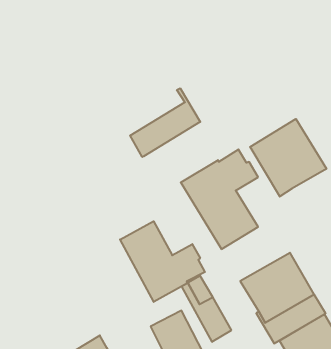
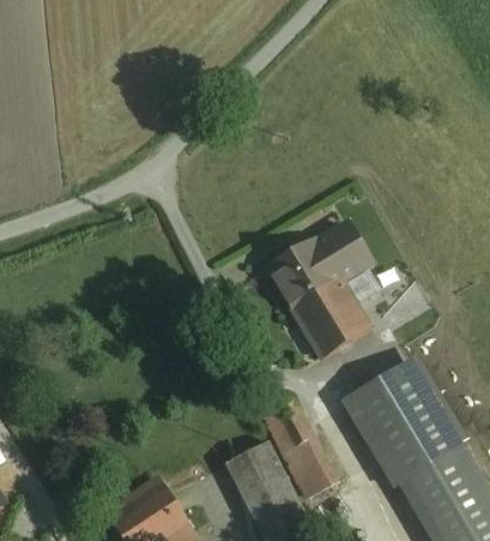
building: [130,88,200,157] -> none
building: [250,119,326,197] -> none
building: [120,221,205,302] -> none

